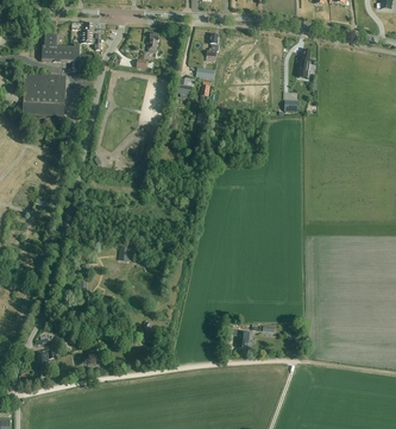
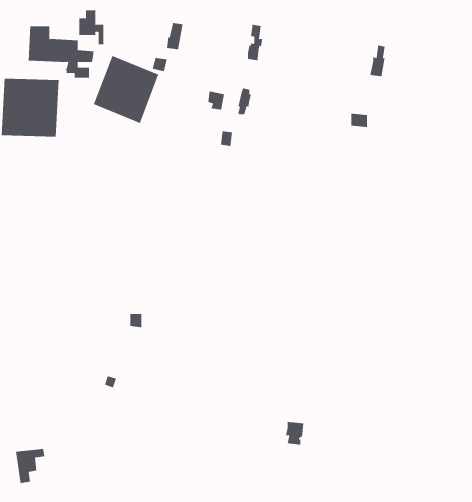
building: none -> [93,55,159,124]

